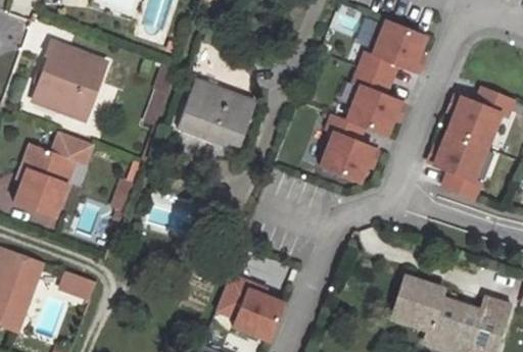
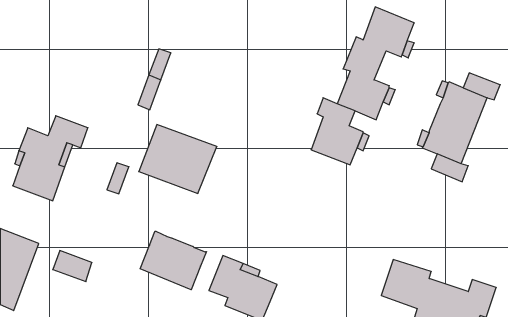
building: [35,42,106,119] -> none
building: [178,79,257,149] -> [139,125,217,193]
building: none -> [140,231,206,290]

